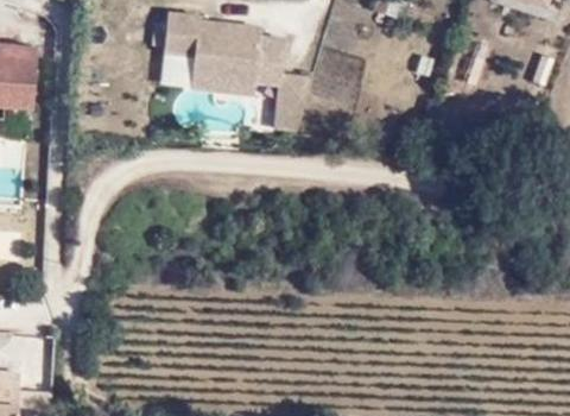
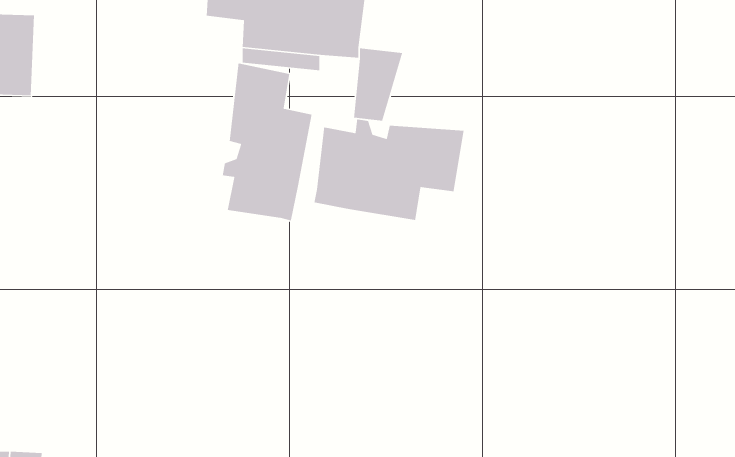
building: none -> [222,62,312,222]
building: none -> [313,119,464,221]

